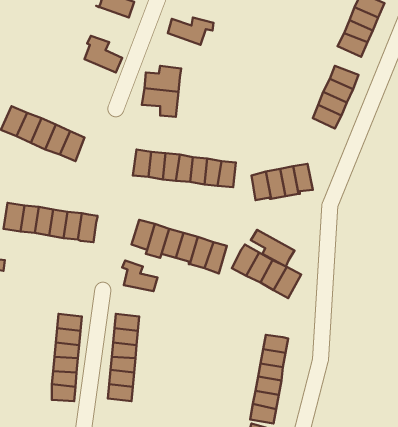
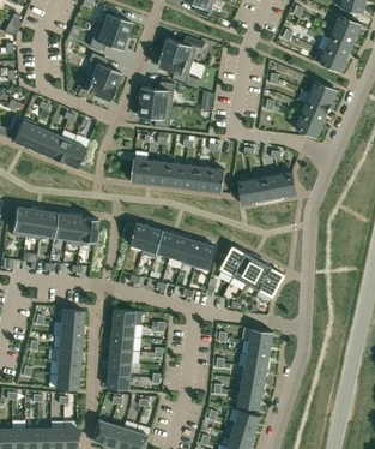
building: none -> [90,26,127,53]
building: none -> [157,52,193,84]
building: none -> [78,76,116,101]
building: [251,230,295,266] -> none
building: [122,260,158,291] -> none

